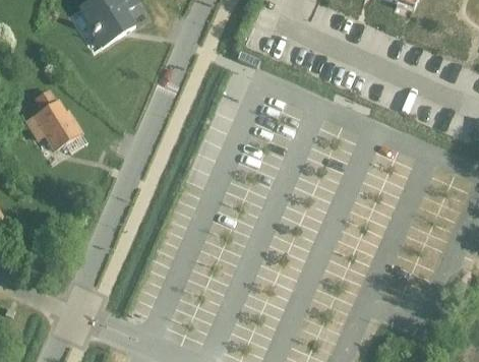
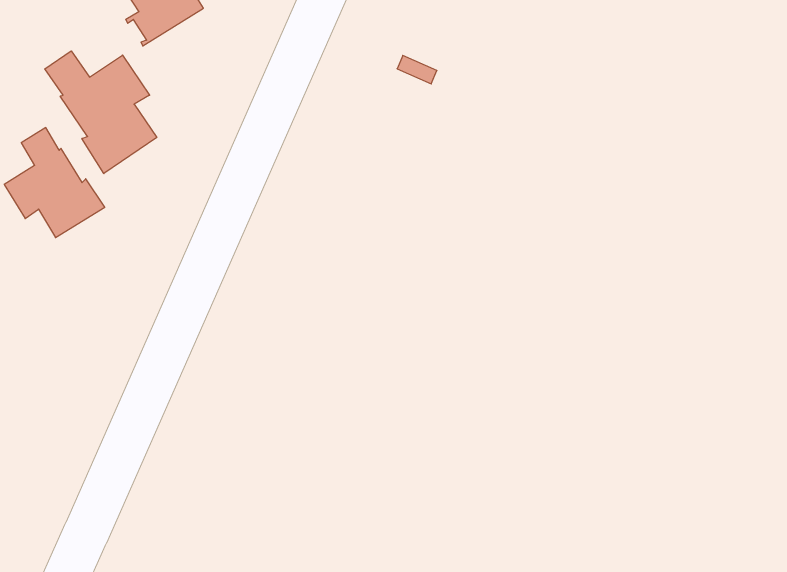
building: none -> [45,51,157,174]

